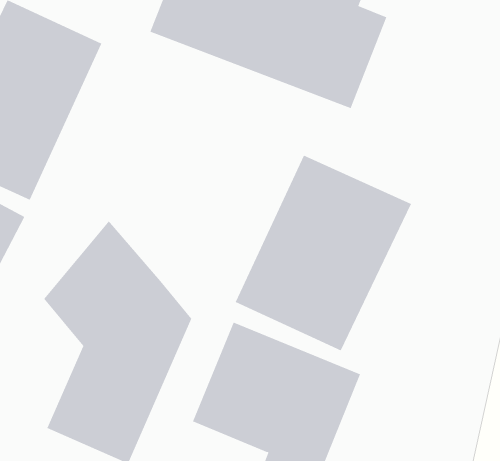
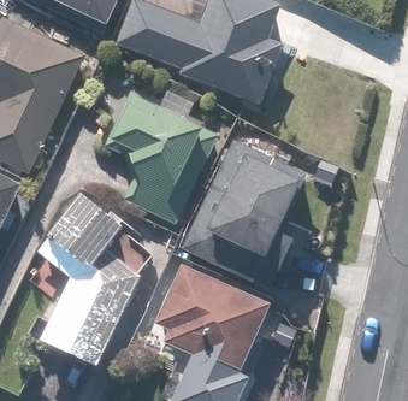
building: none -> [102,87,217,220]

